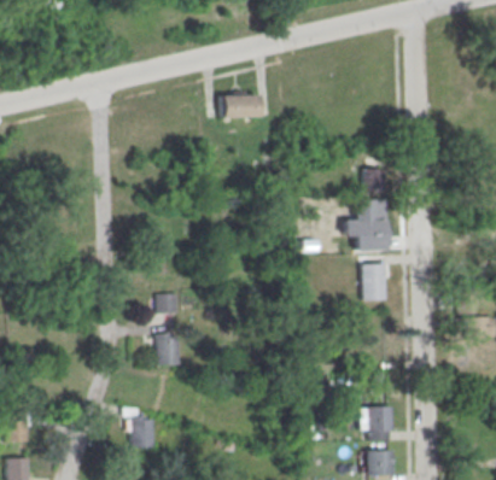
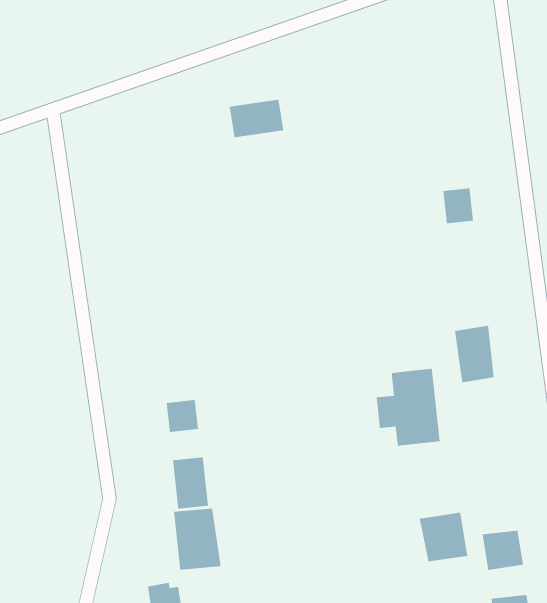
building: [345,200,386,251] -> [376,368,441,446]
building: none -> [173,508,221,571]
building: none -> [419,512,468,562]

